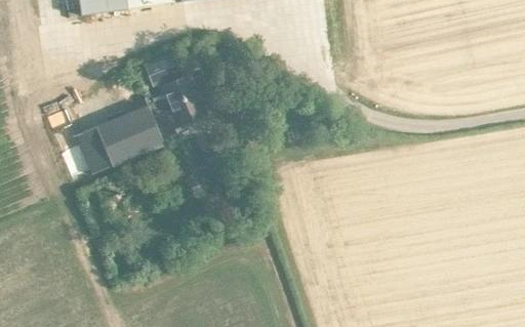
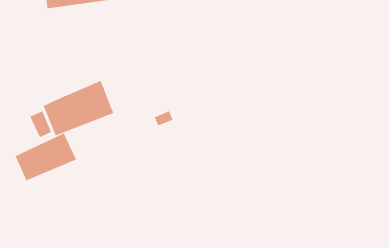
building: [146,50,204,135] -> none
building: none -> [15,133,77,181]

